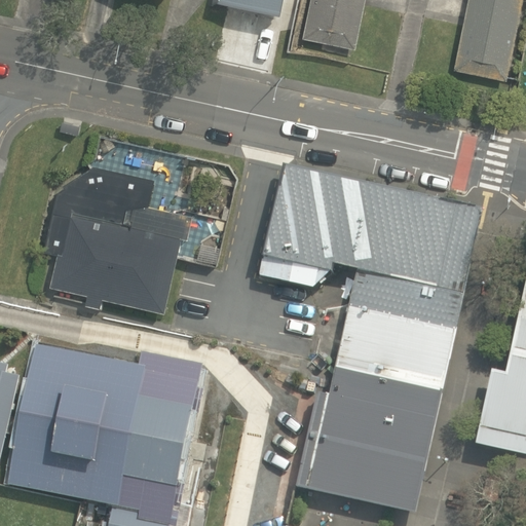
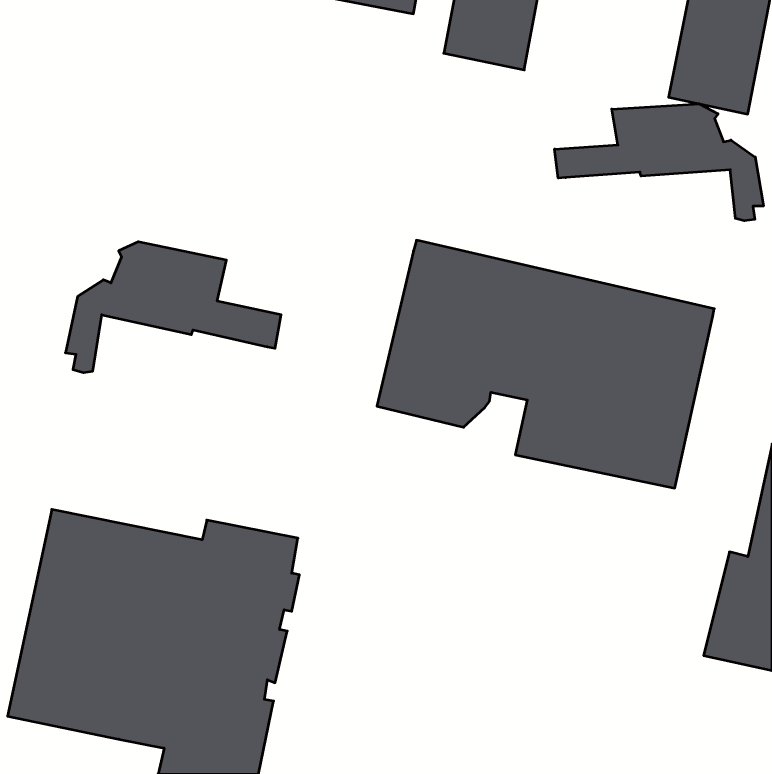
building: none -> [555,104,763,221]
building: [48,213,181,309] -> none
building: [295,307,456,513] -> none

